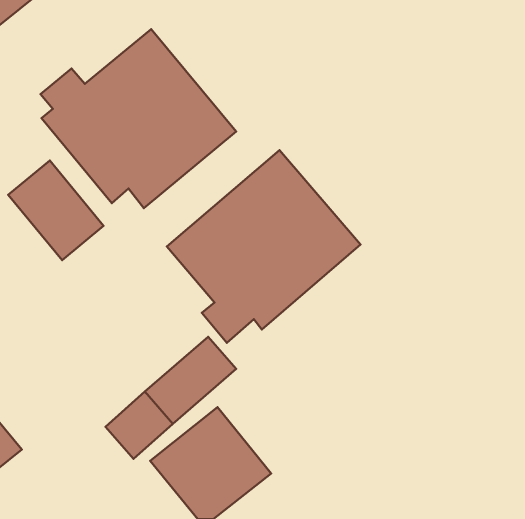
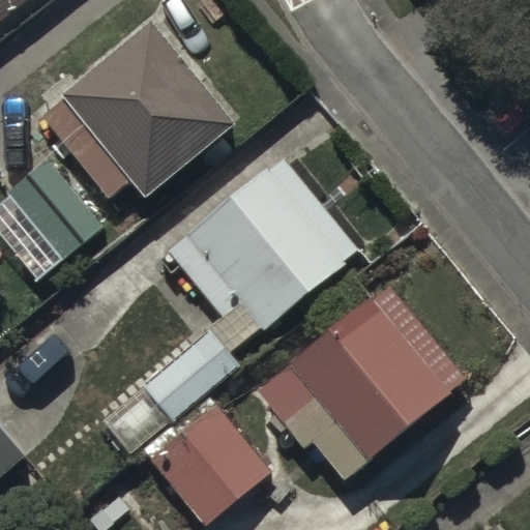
building: none -> [253,283,461,476]

